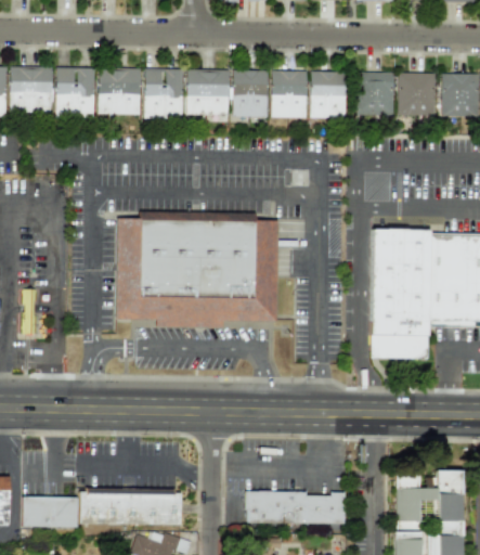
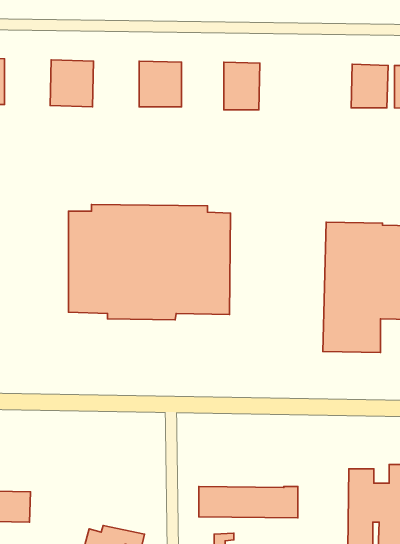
building: [55,67,94,118] -> none
building: [143,68,183,119] -> none
building: [232,69,268,117] -> none
building: [310,72,346,118] -> none
building: [356,73,393,116] -> none
building: [79,489,181,526] -> none

